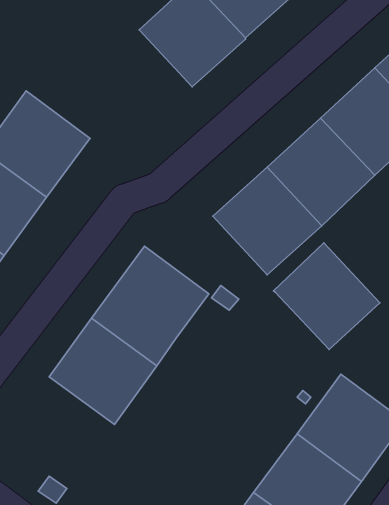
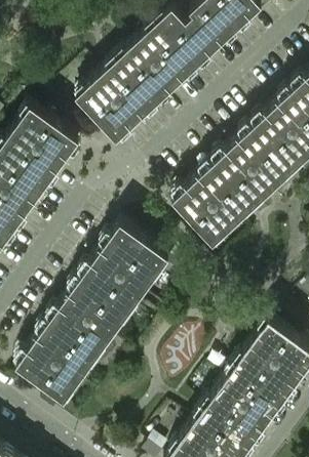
building: none -> [75,61,155,142]
building: [274,243,380,350] -> none
building: none -> [15,323,96,403]

